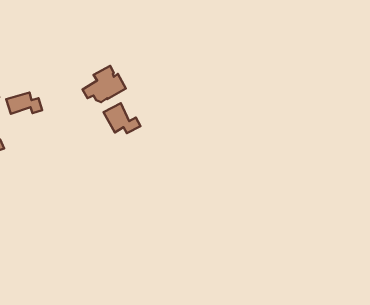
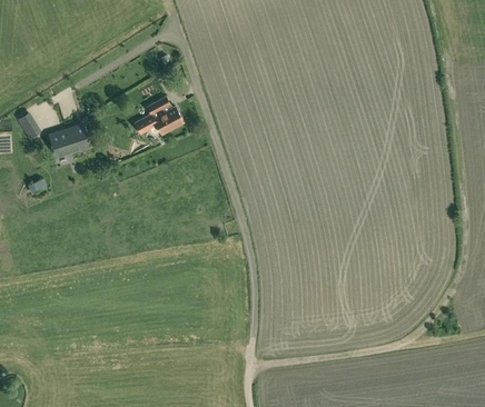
building: [104,103,141,133] -> none

